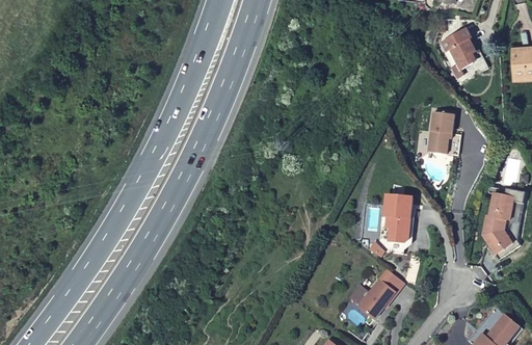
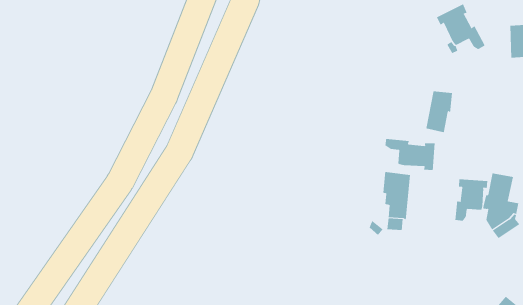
building: none -> [385,138,435,171]
building: none -> [455,178,488,221]
building: [357,278,395,319] -> none

